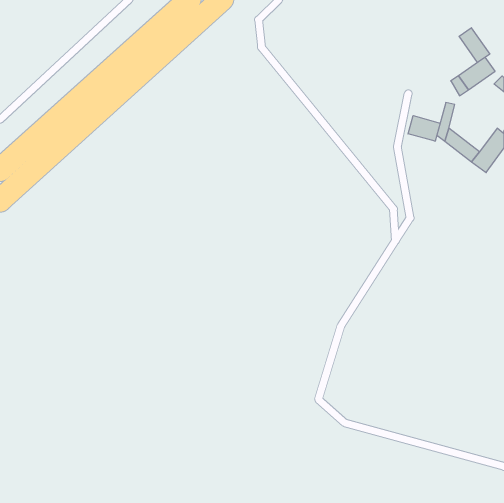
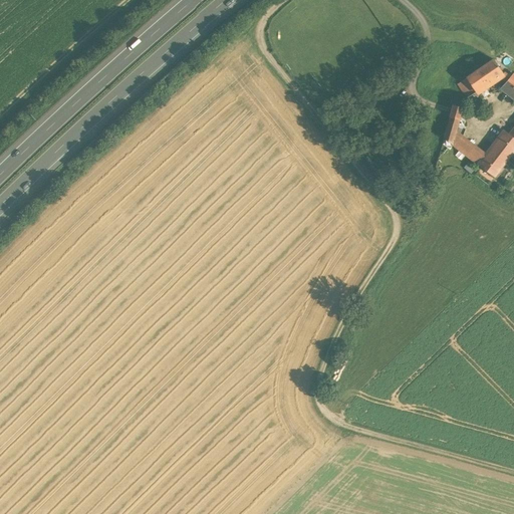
building: [459,28,490,62] -> none
building: [408,116,440,141] -> none

